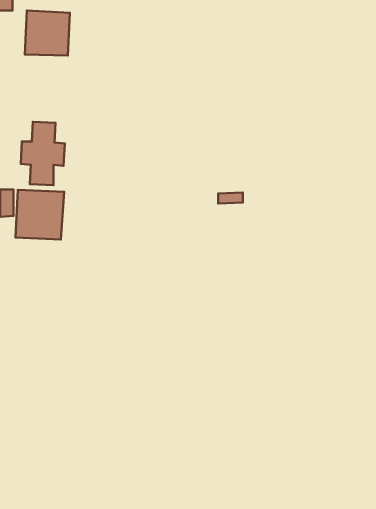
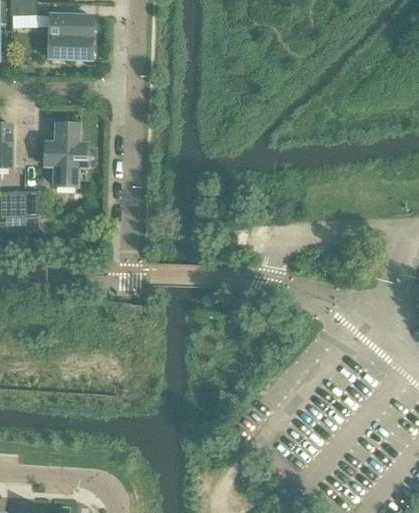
building: [16,190,64,240] -> none

